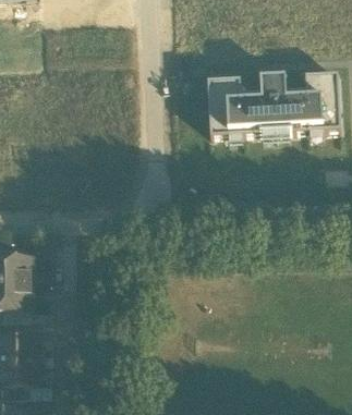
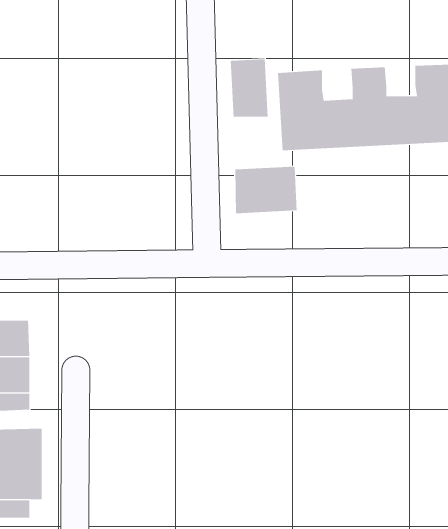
building: none -> [230,58,268,117]
building: none -> [235,166,297,214]

